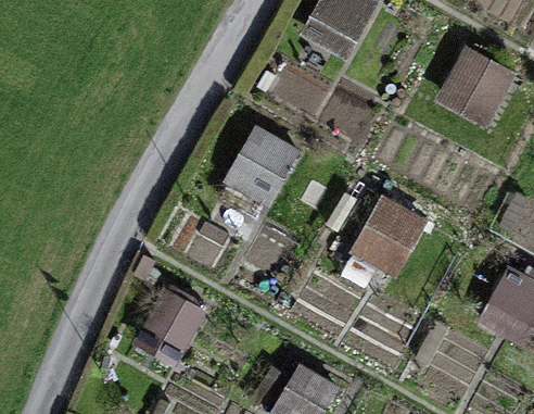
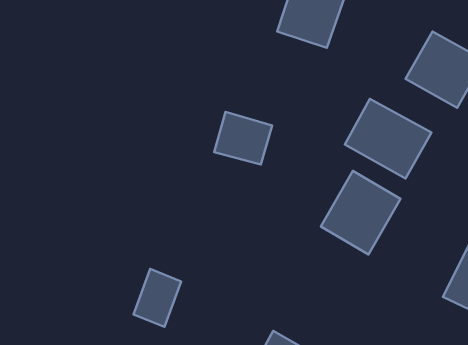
building: none -> [345,99,432,178]

